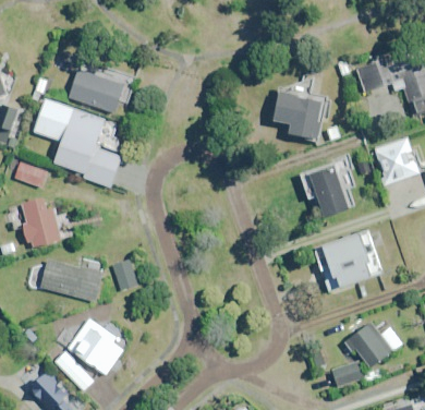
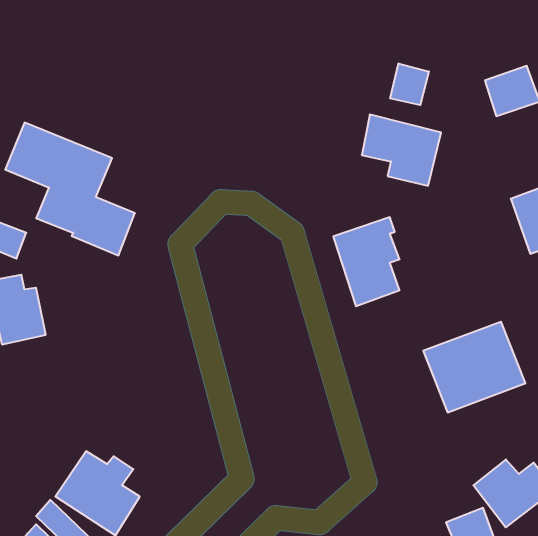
building: none -> [390,63,429,105]
building: [69,70,123,113] -> none
building: [309,158,354,218] -> [333,217,400,306]
building: [112,261,136,290] -> none
building: [40,262,101,301] -> none

